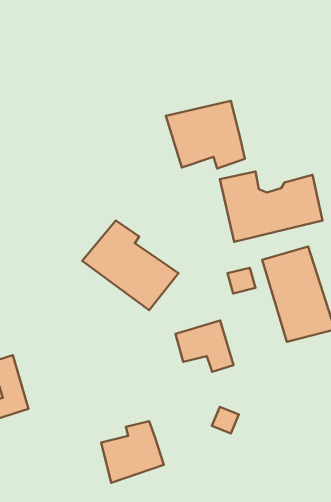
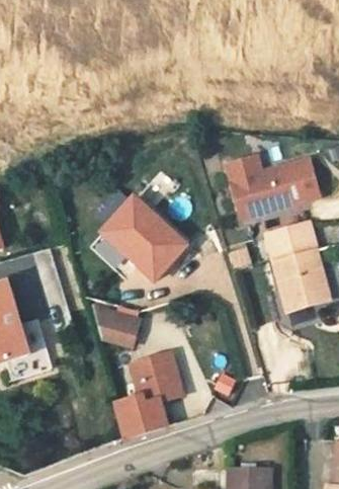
building: [166,101,245,168] -> none
building: [175,320,234,372] -> [131,350,183,397]
building: none -> [94,299,144,346]

